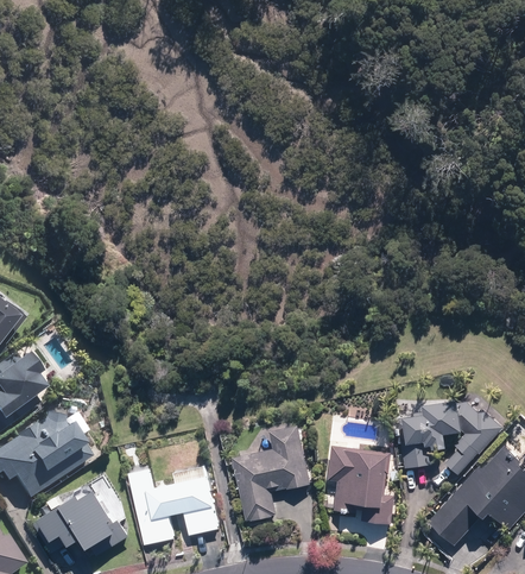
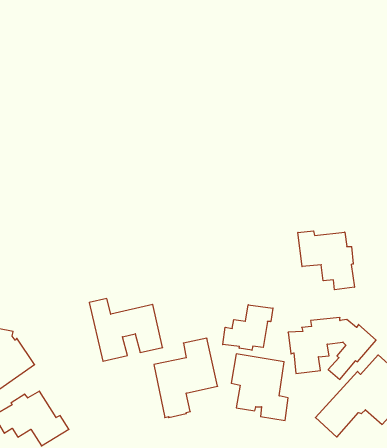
building: none -> [298,231,354,290]
building: none -> [223,305,273,350]
building: [128,468,217,544] -> [89,299,163,361]

